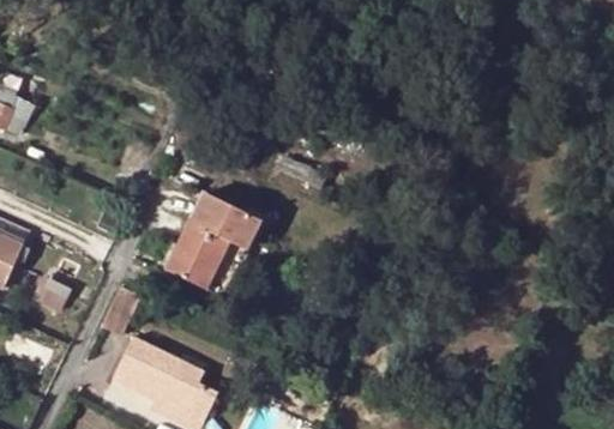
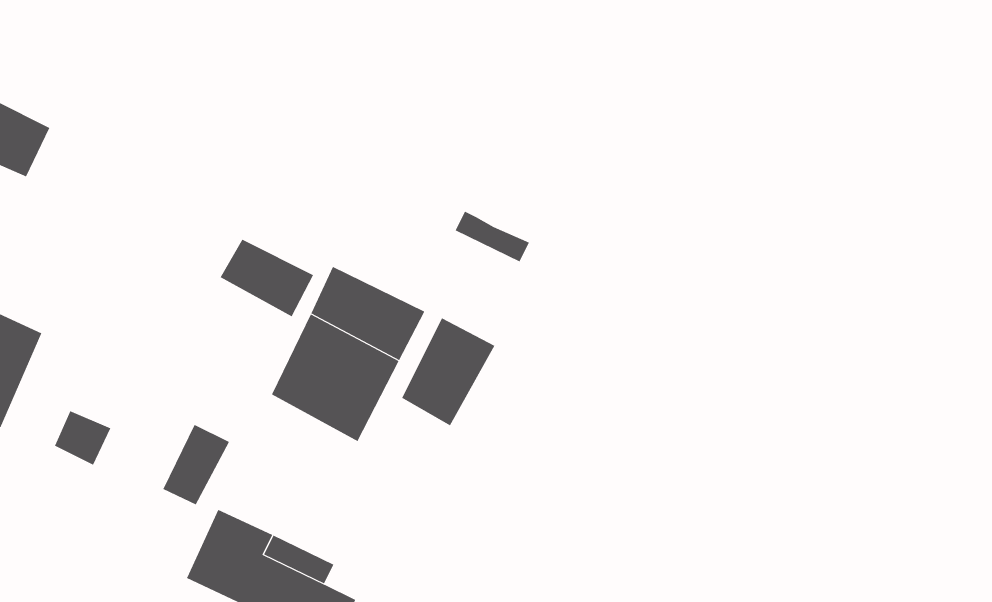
building: none -> [220,239,314,317]
building: none -> [401,318,495,426]

